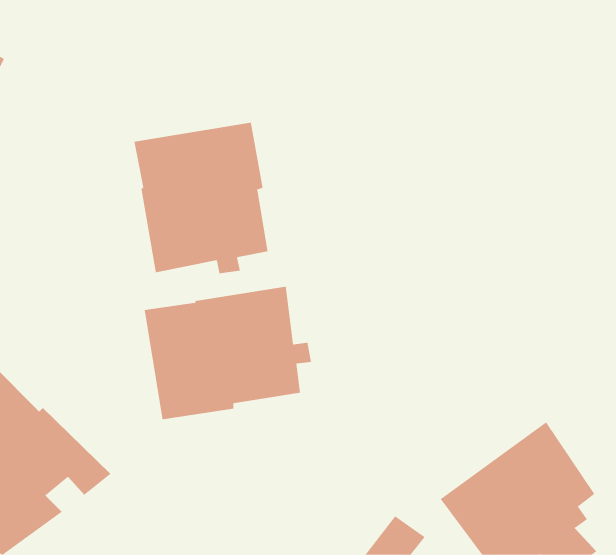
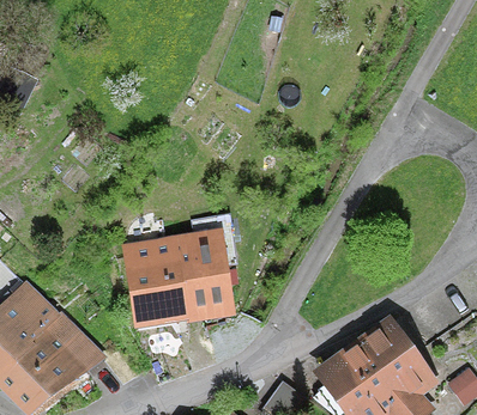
building: [134,122,268,274] -> none

